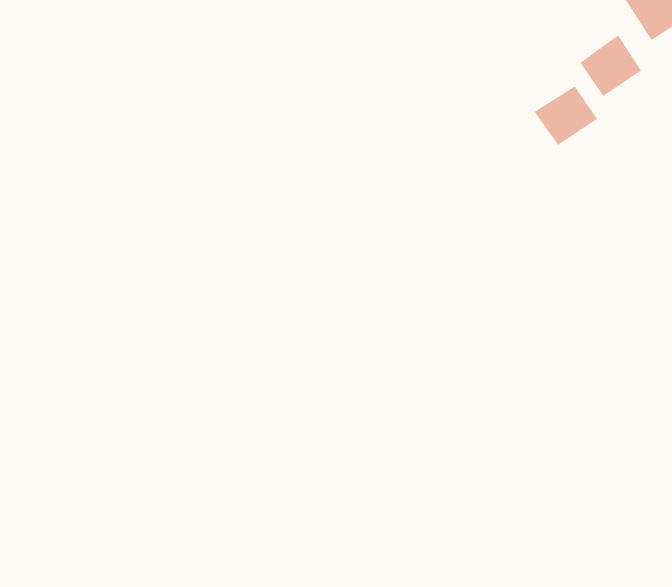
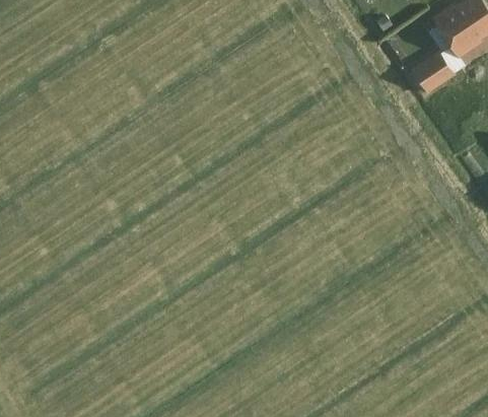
building: [534,85,598,146] -> none

